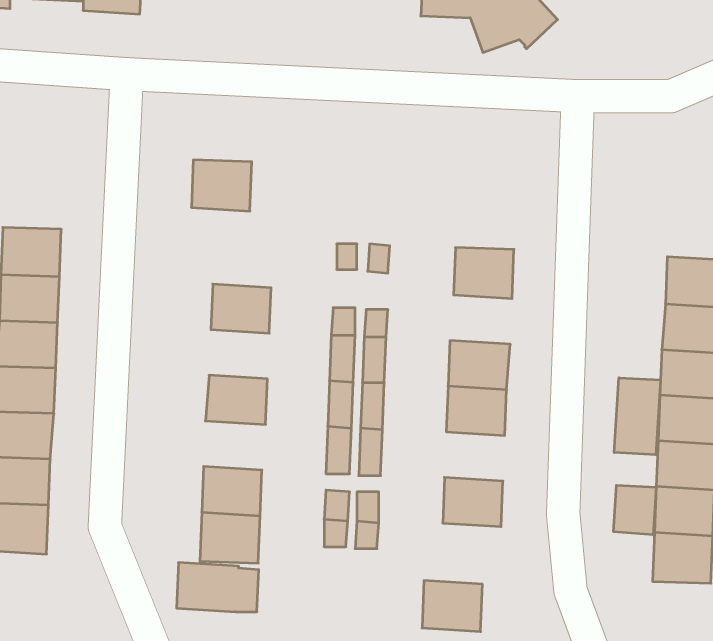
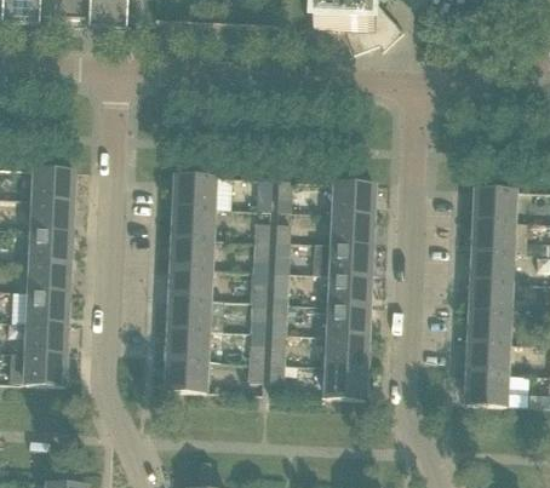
building: [191,160,252,211] -> [174,174,214,208]
building: none -> [332,213,373,246]
building: none -> [172,236,212,269]
building: [614,378,660,455] -> none
building: none -> [328,304,368,337]
building: [614,485,656,535] -> none
building: [177,563,259,612] -> [168,297,223,329]
building: [422,581,482,632] -> [326,364,366,398]

